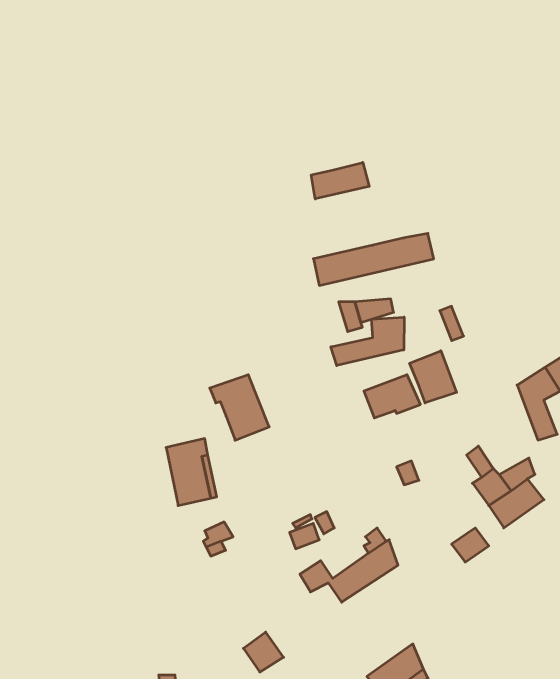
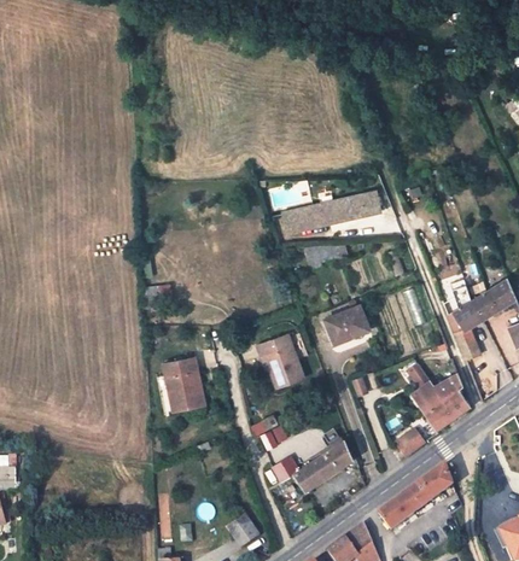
building: [311,162,369,199] -> none
building: [331,317,404,366] -> none
building: [410,351,457,403] -> none
building: [210,375,269,440] -> [256,334,304,387]
building: none -> [377,466,451,531]

